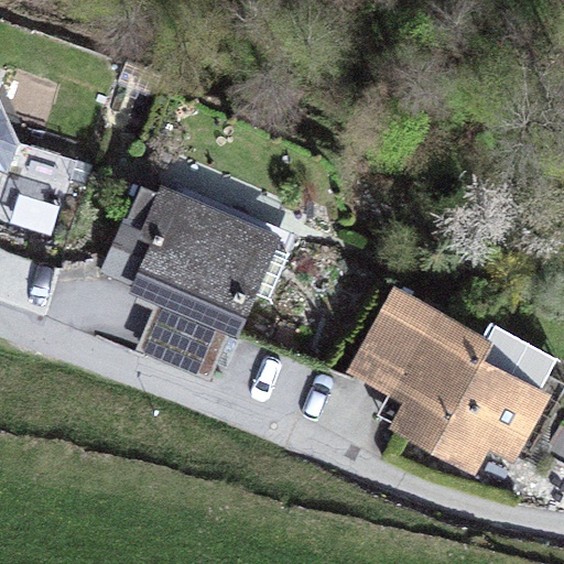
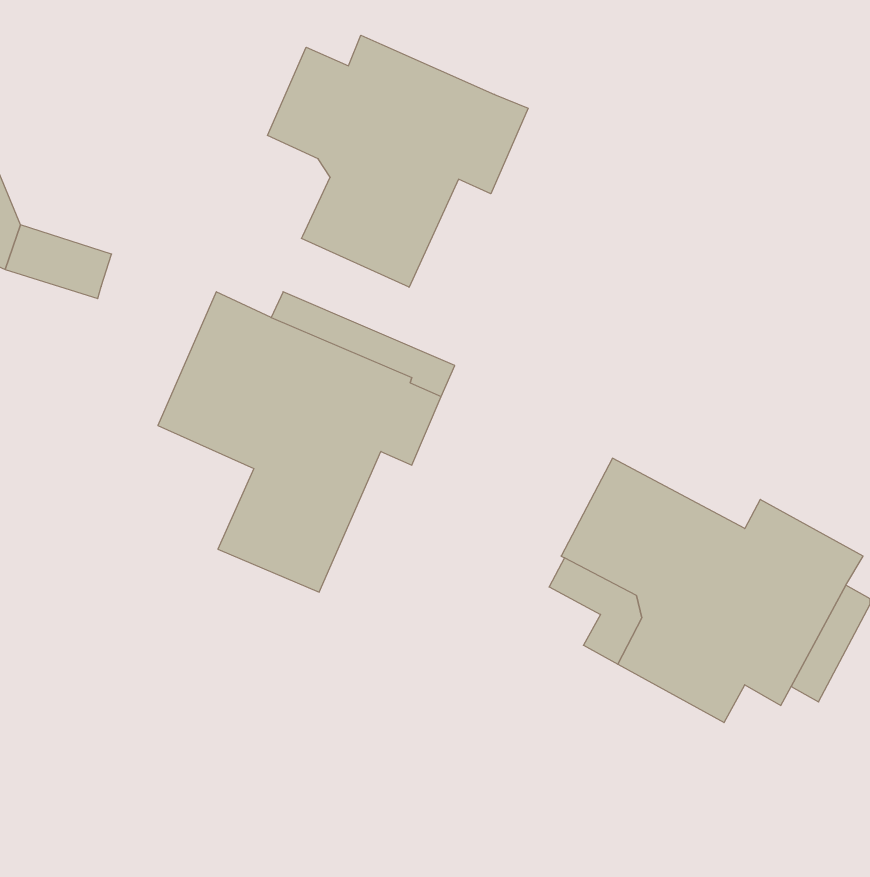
building: none -> [268,35,528,287]

